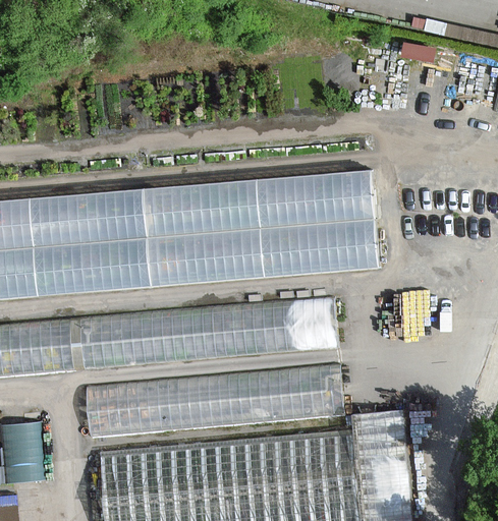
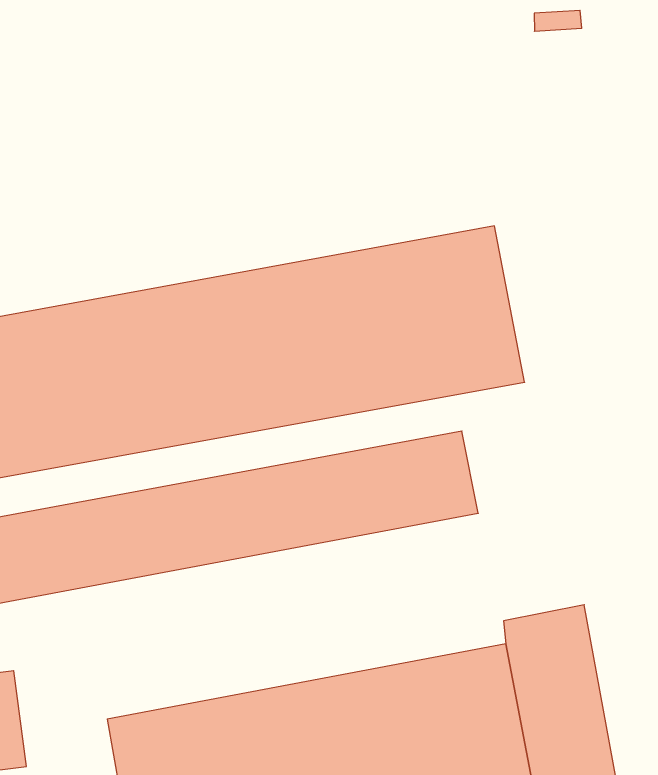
building: [82,364,341,438] -> none

